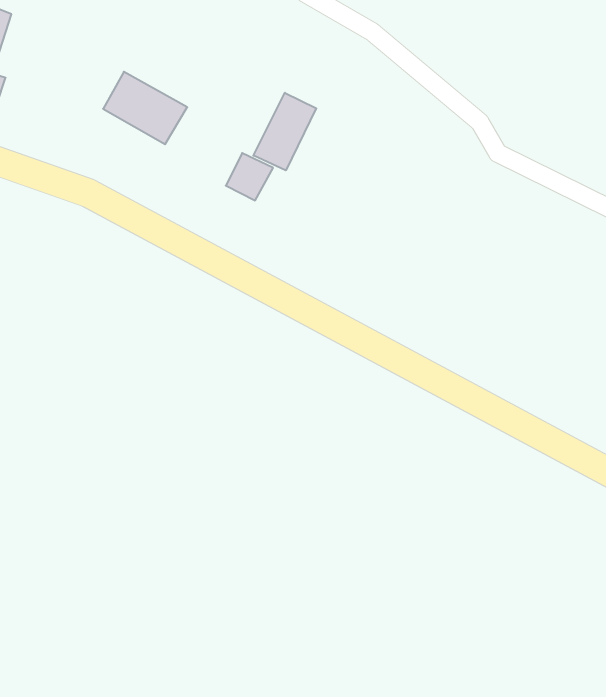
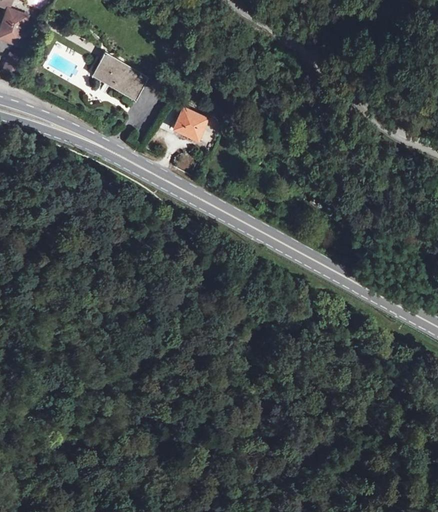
building: [253,93,316,170] -> none

